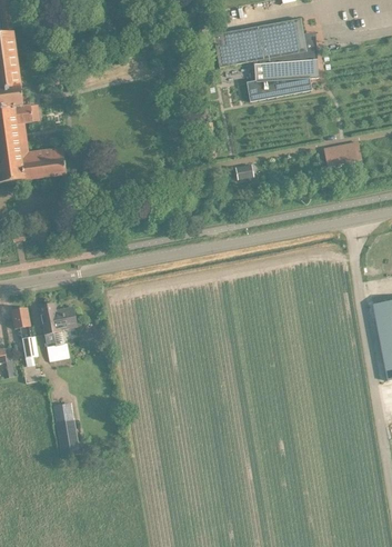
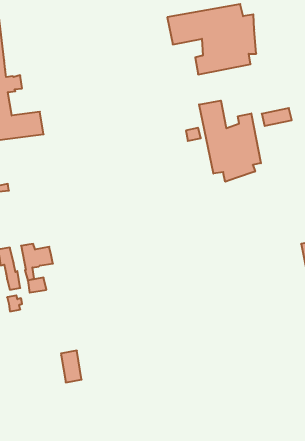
building: none -> [199,101,261,182]
building: [54,418,79,456] -> [61,351,82,382]

